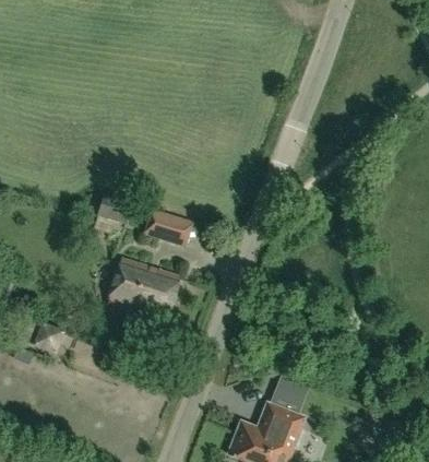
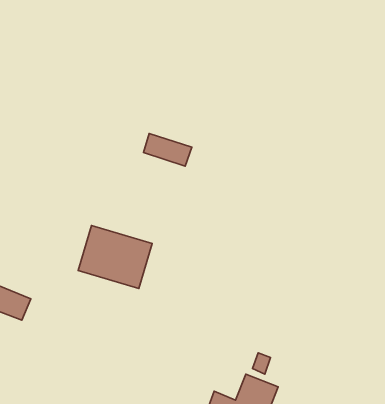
building: [97,193,131,223] -> none
building: [145,209,192,240] -> [144,133,192,166]

